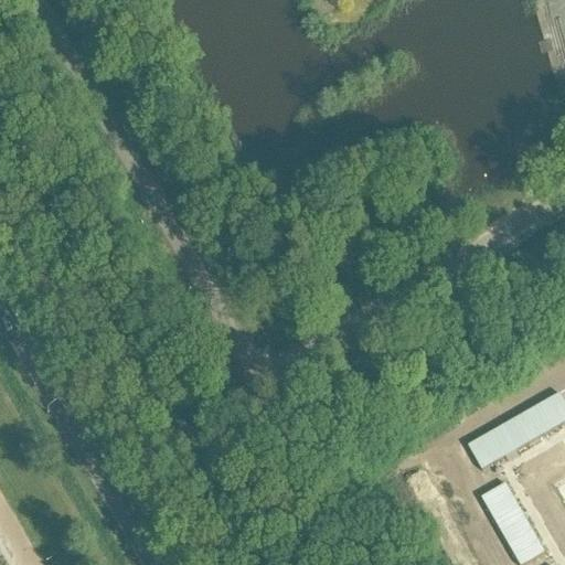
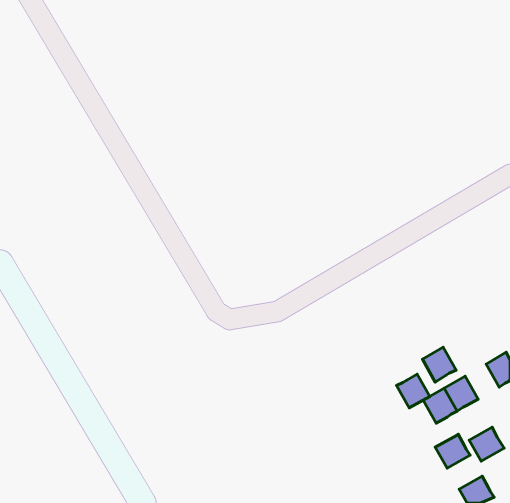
building: [514,403,552,441] -> [422,347,456,382]
building: none -> [397,374,430,408]
building: [494,503,533,541] -> [469,427,504,461]

